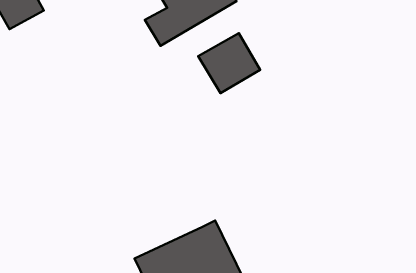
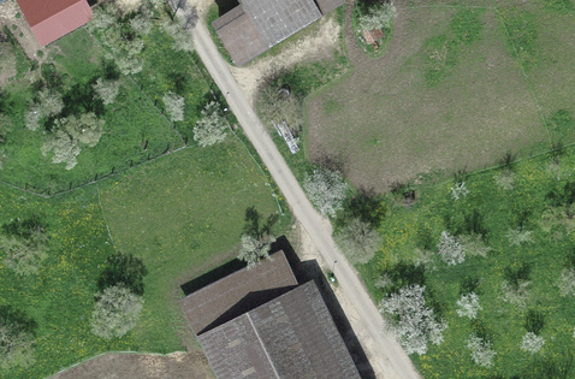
building: [198,33,260,93] -> none
building: none -> [189,260,294,337]

